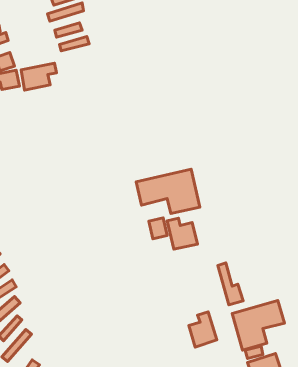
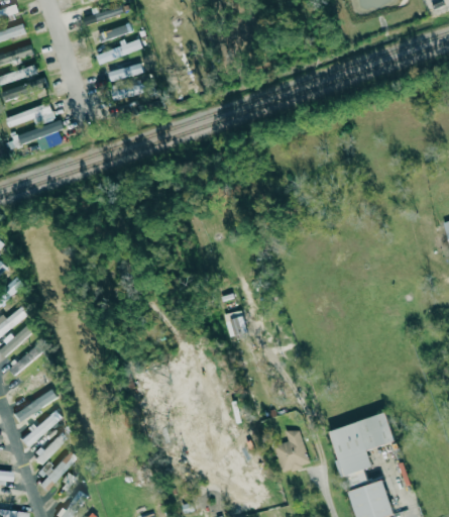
building: [21,63,57,90] -> none
building: [136,169,200,214] -> none
building: [167,218,198,249] -> none
building: [218,263,243,305] -> none

